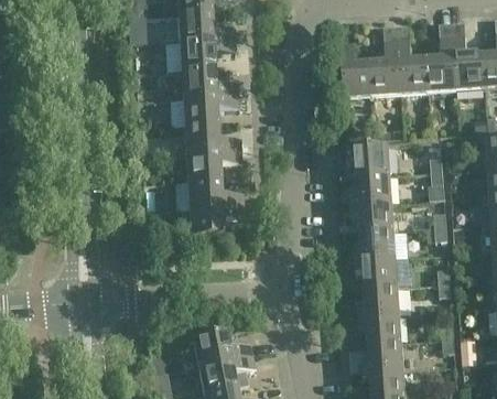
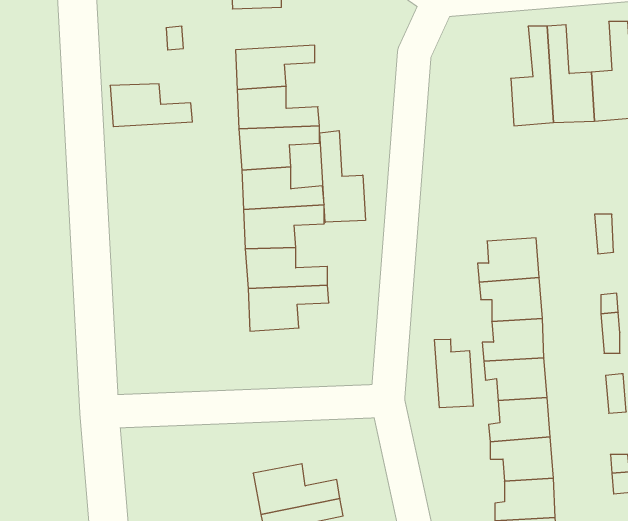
building: [177,11,235,41] -> [110,84,192,127]
building: [341,40,374,96] -> none
building: none -> [320,131,365,222]
building: [345,143,389,174] -> none
building: none -> [434,339,473,408]

